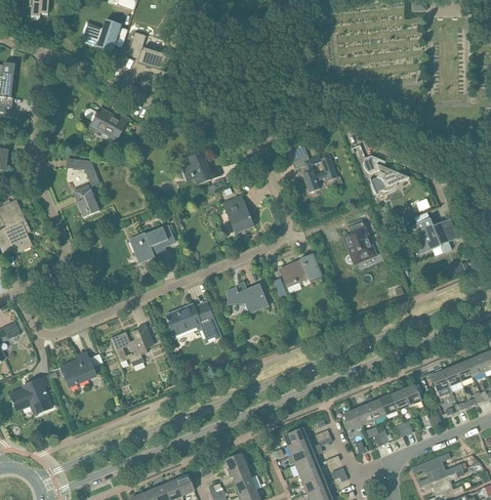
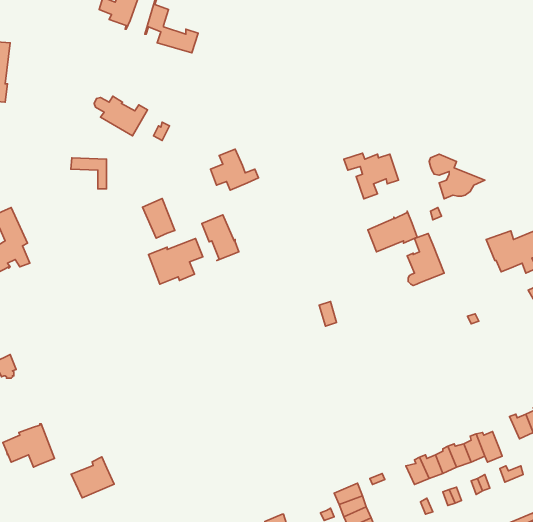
building: [72,183,98,216] -> [143,198,175,238]
building: [222,195,253,233] -> [202,215,239,261]
building: [279,253,320,287] -> [368,211,417,252]
building: [226,282,268,312] -> none
building: [165,301,220,339] -> none
building: [109,323,154,366] -> none
building: [59,351,95,385] -> [71,457,114,498]

